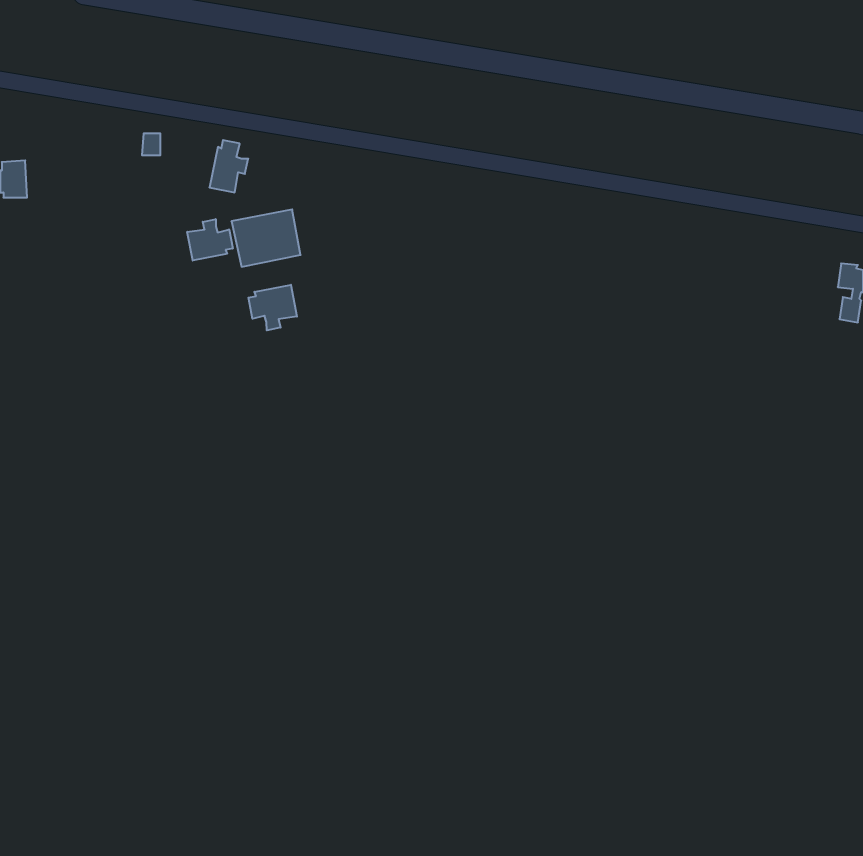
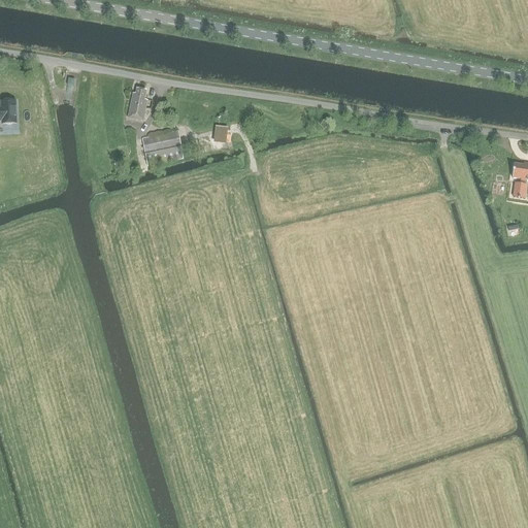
building: [187,219,233,261] -> none
building: [248,285,297,330] -> none

